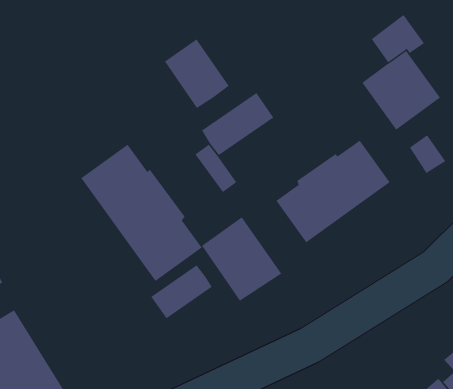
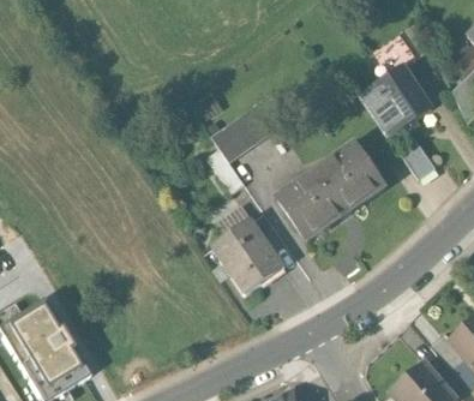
building: [164,39,229,109] -> none
building: [80,144,203,282] -> none
building: [151,265,212,319] -> none

